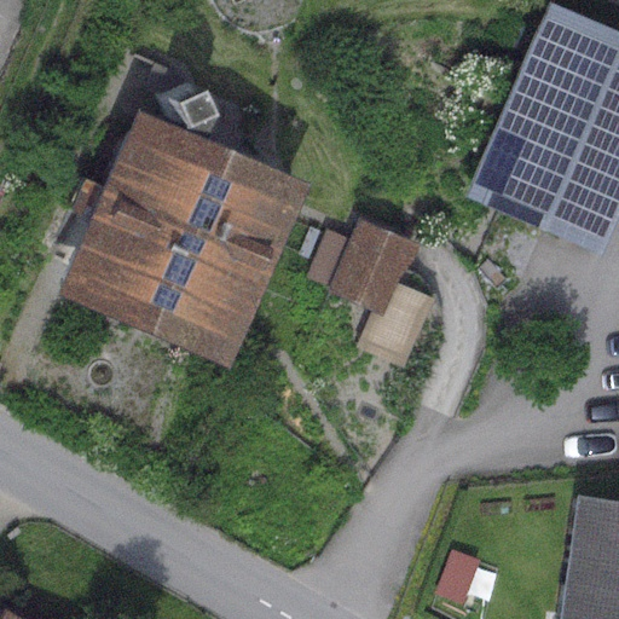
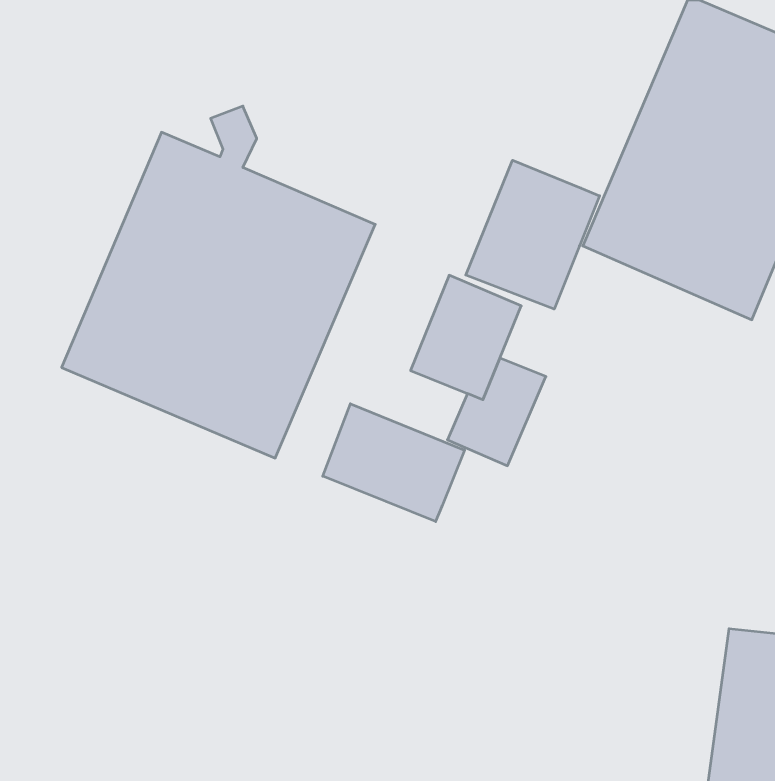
building: none -> [466,160,600,309]
building: none -> [323,404,465,522]

